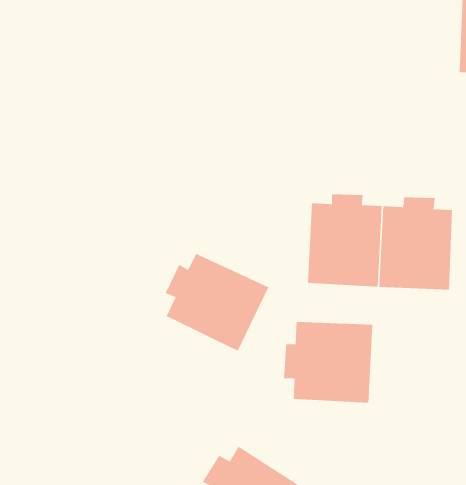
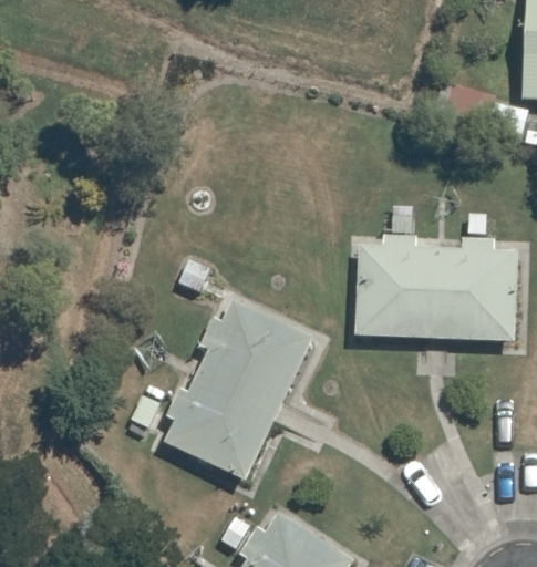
building: none -> [165,370,279,480]
building: [284,321,373,404] -> none

